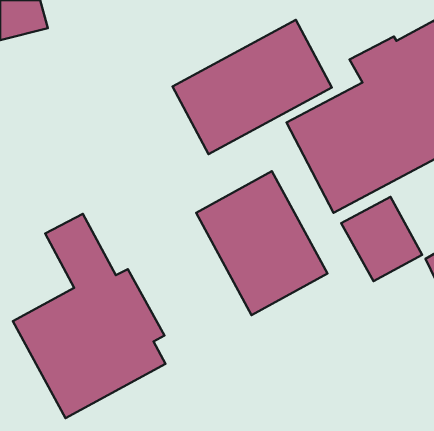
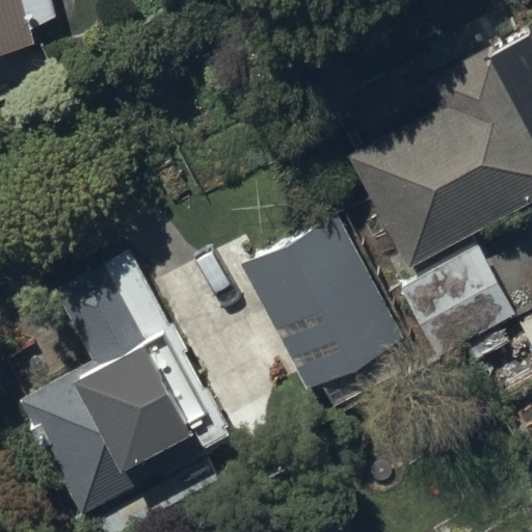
building: [173,20,332,154] -> none

